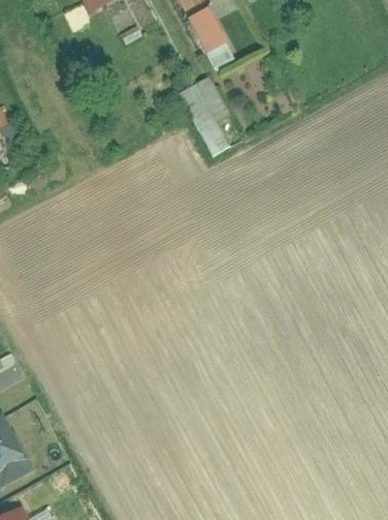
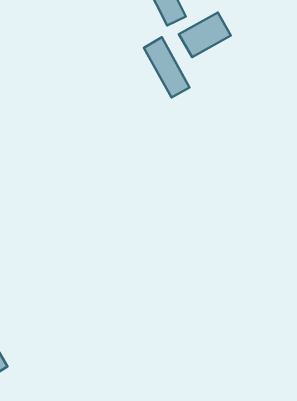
building: none -> [179,13,231,57]

